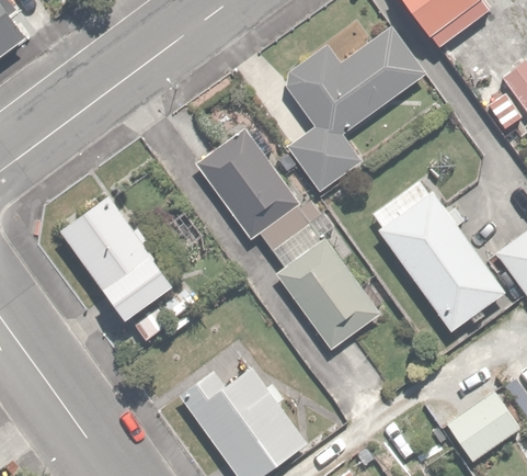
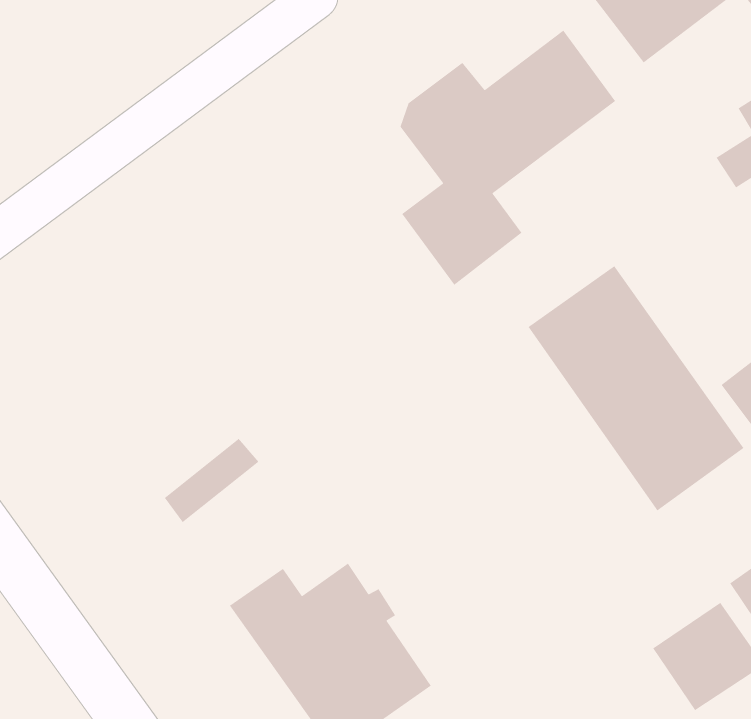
building: [196,131,382,352] -> none
building: [59,194,171,316] -> none

